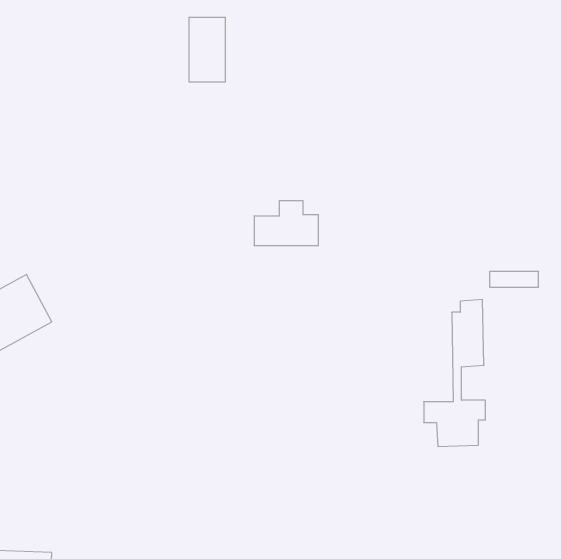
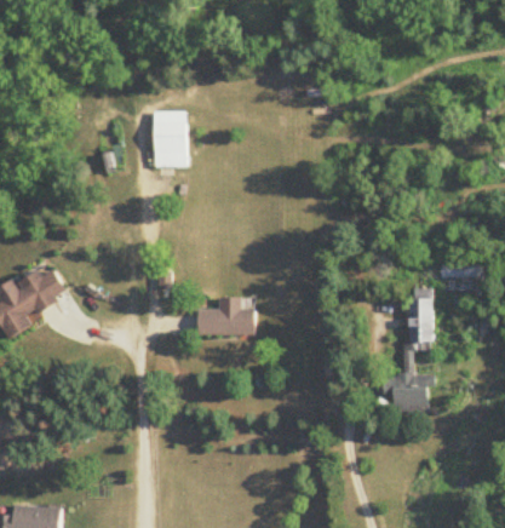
building: [189,17,225,82] -> [154,110,185,166]
building: [254,201,318,245] -> [199,297,254,335]

